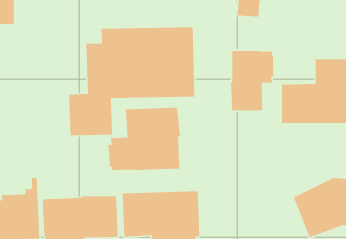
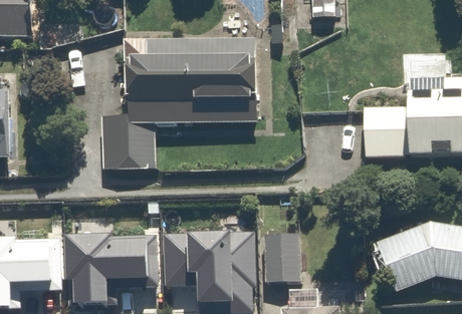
building: [230,50,274,111] -> none
building: [108,107,181,171] -> none
building: none -> [263,224,301,281]

